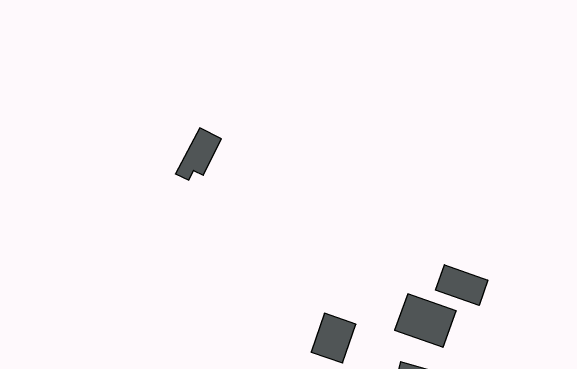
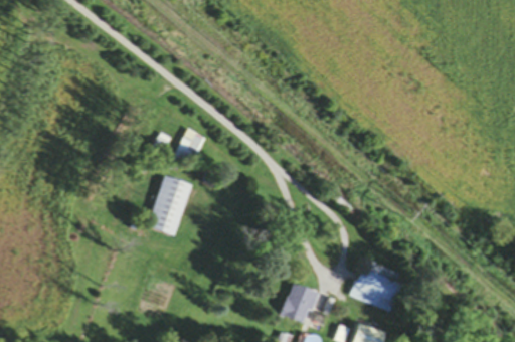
building: none -> [148,175,190,234]
building: [436,265,488,305] -> none

